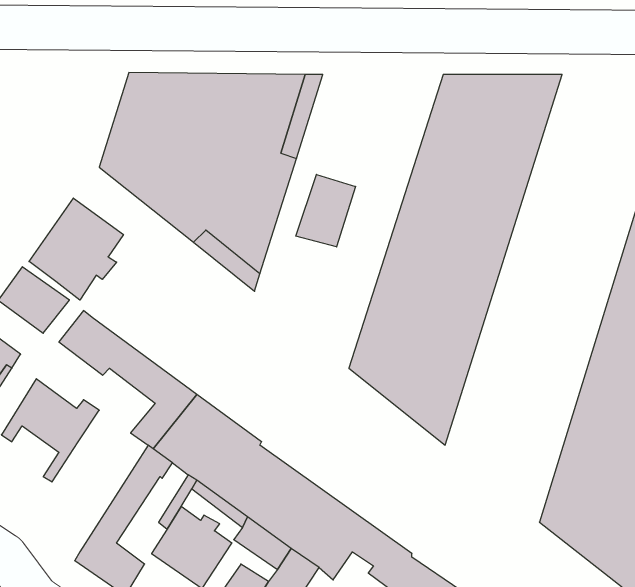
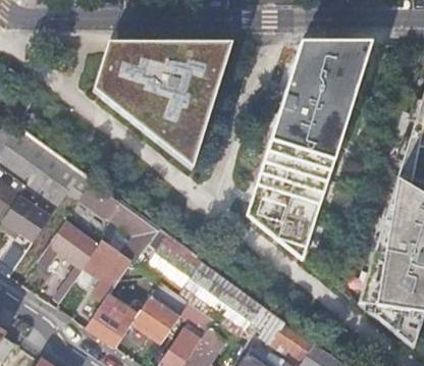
building: [296,174,356,247] -> none
building: [29,198,123,300] -> none
building: none -> [84,240,129,322]

